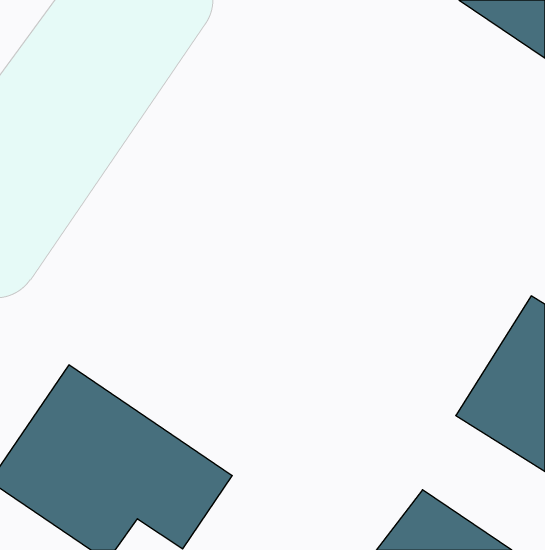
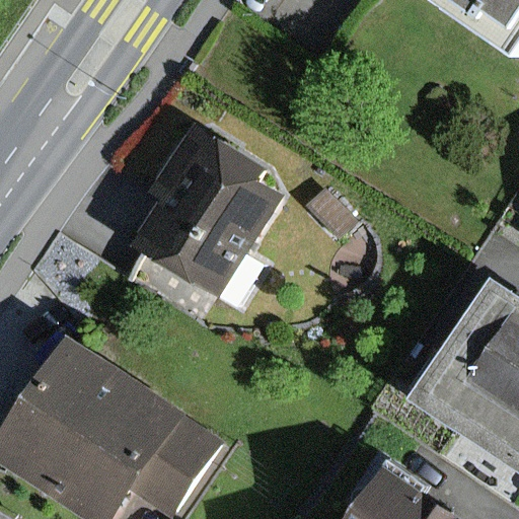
building: none -> [130,128,270,308]

